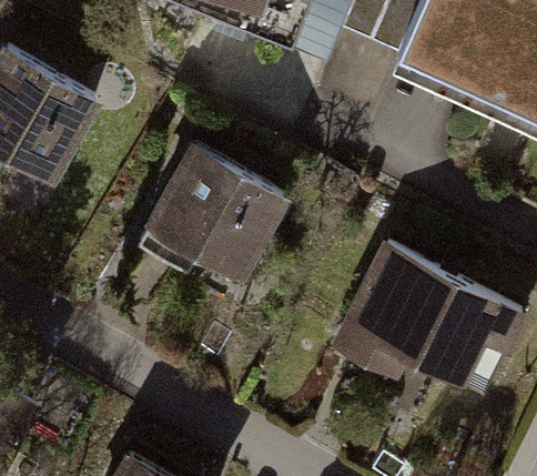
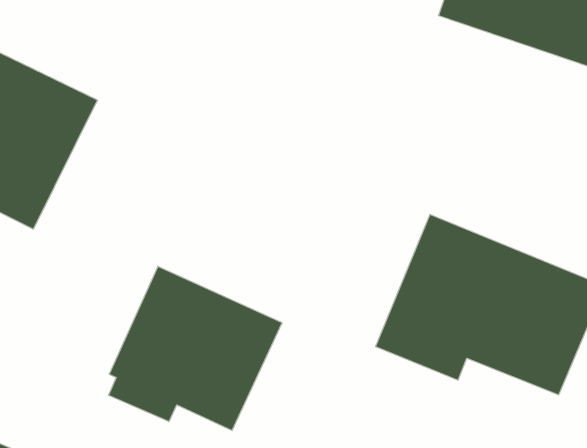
building: [133,133,284,276] -> [108,266,282,430]

